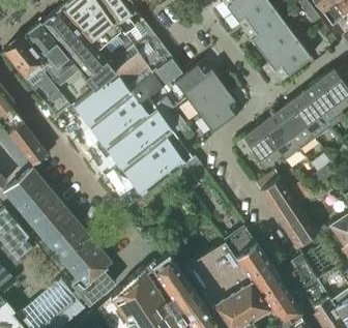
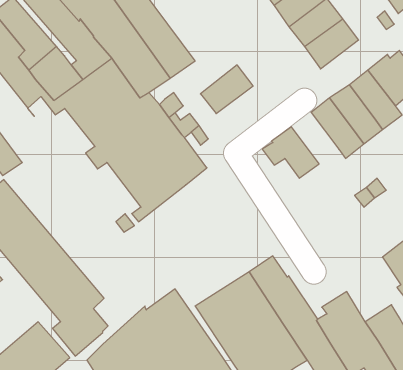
building: [173,61,215,100] -> none
building: [199,94,241,132] -> none
building: [258,115,300,162] -> none
building: [256,172,316,247] -> none

